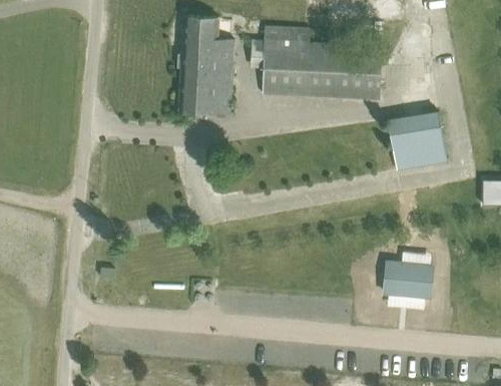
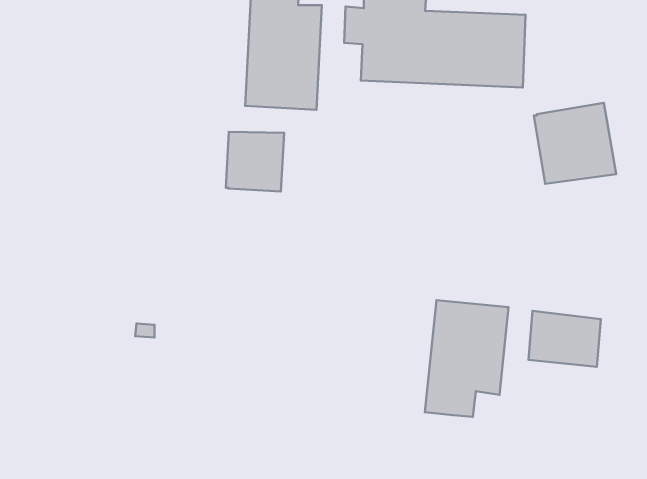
building: none -> [226,132,284,191]
building: none -> [425,300,508,417]

